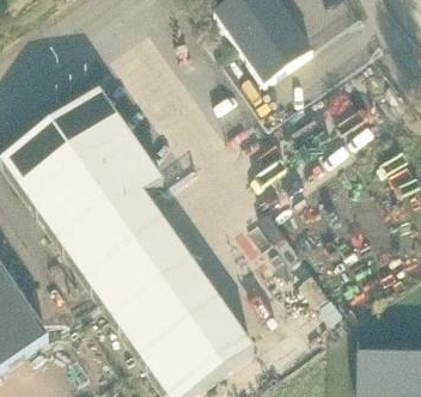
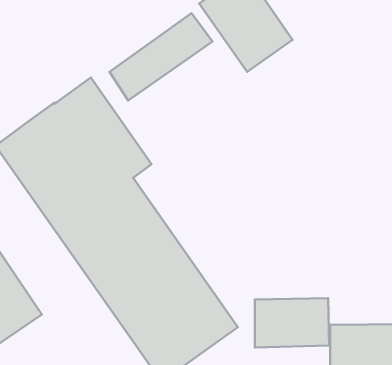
building: none -> [110,13,212,101]
building: none -> [255,298,329,348]

